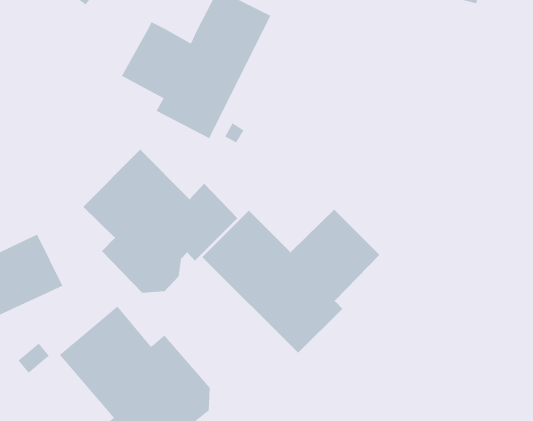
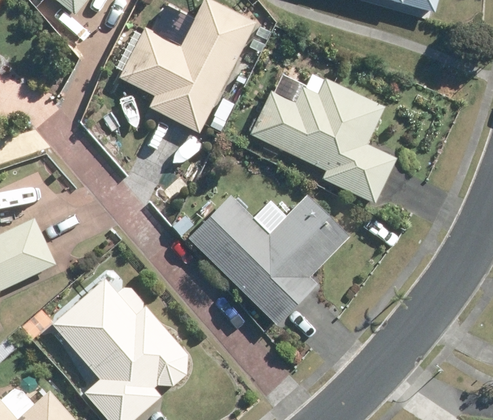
building: none -> [249,81,396,204]
building: [82,149,238,294] -> none

